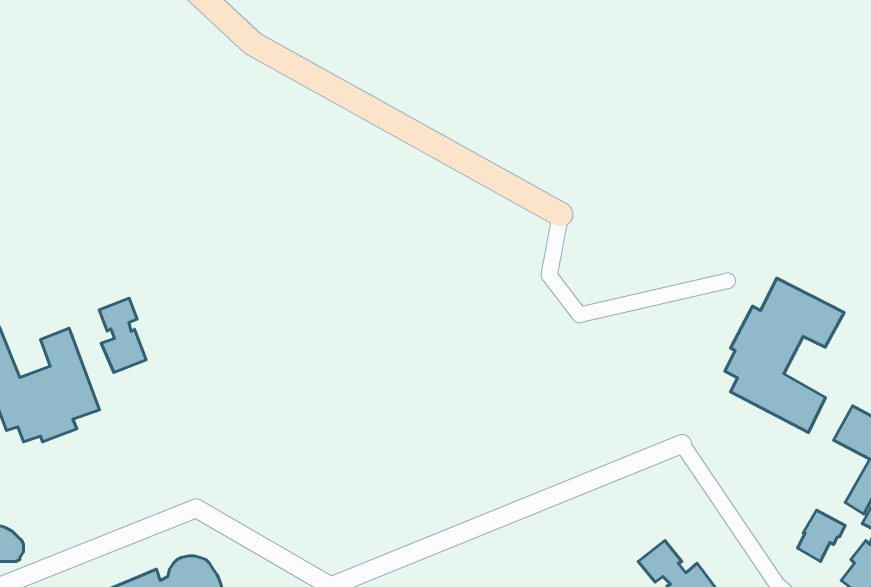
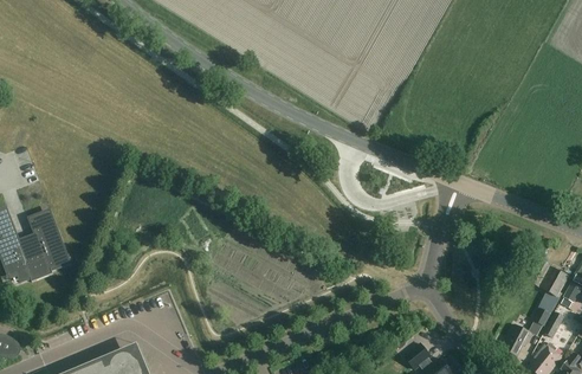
building: [725,278,844,433] -> none
building: [99,298,146,372] -> none

